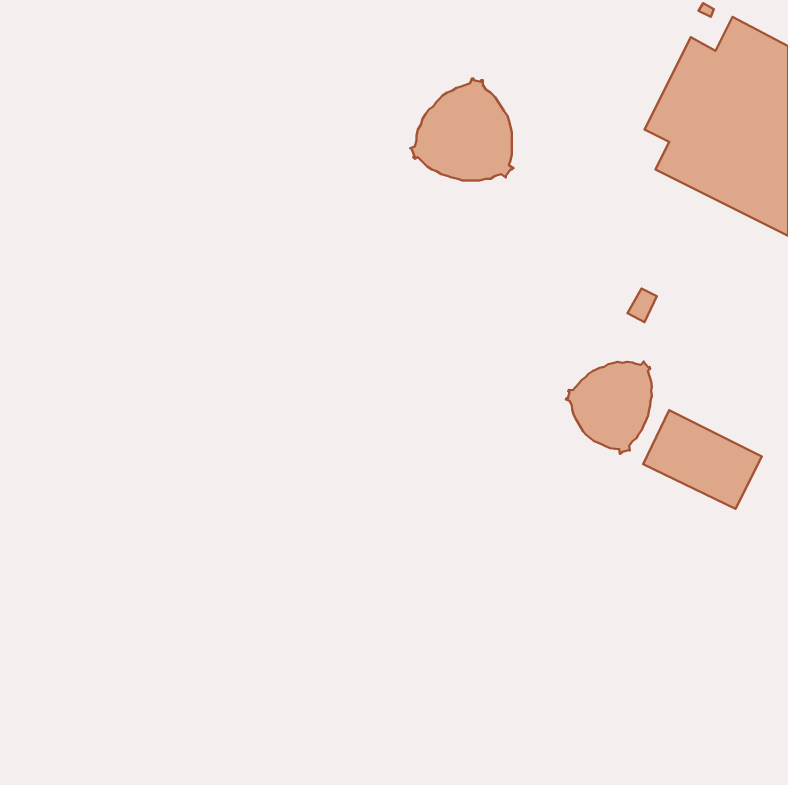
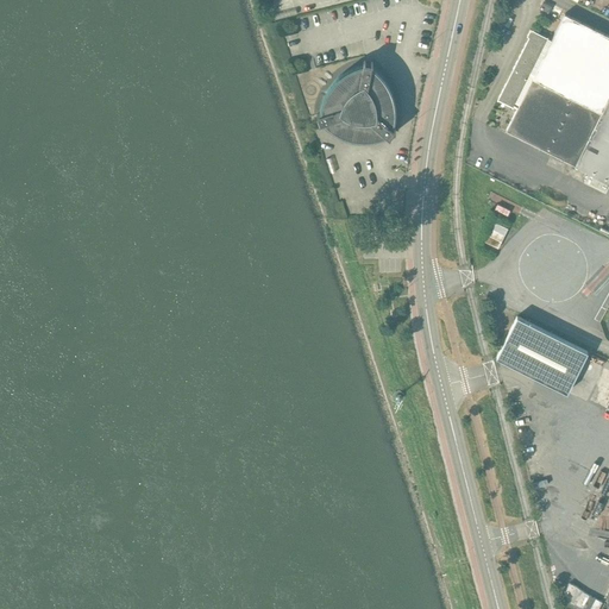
building: [566,361,652,454] -> none

